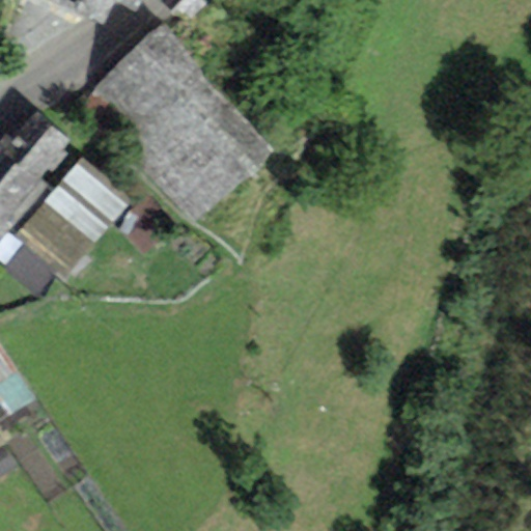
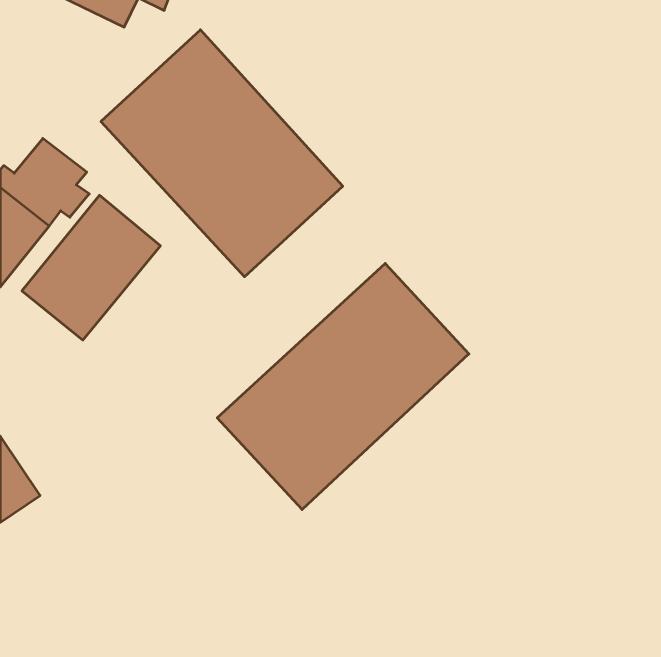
building: none -> [217,263,469,510]

